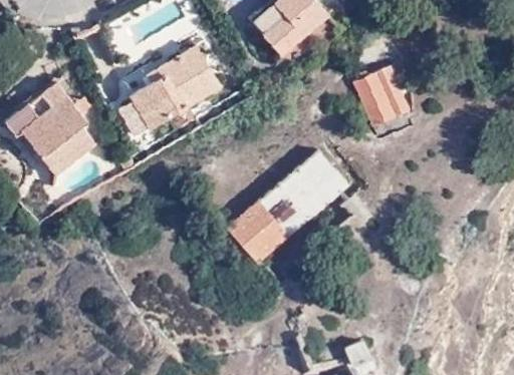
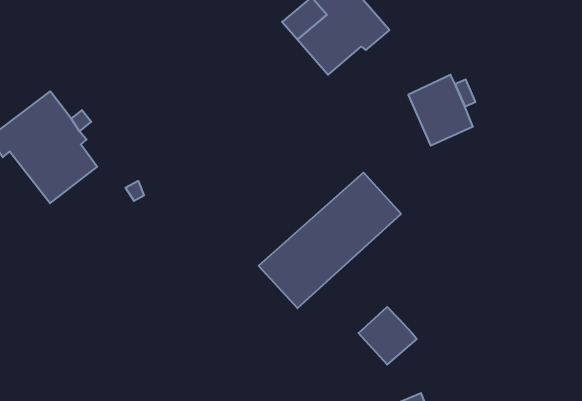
building: [115,46,219,135] -> none
building: none -> [358,307,417,365]

